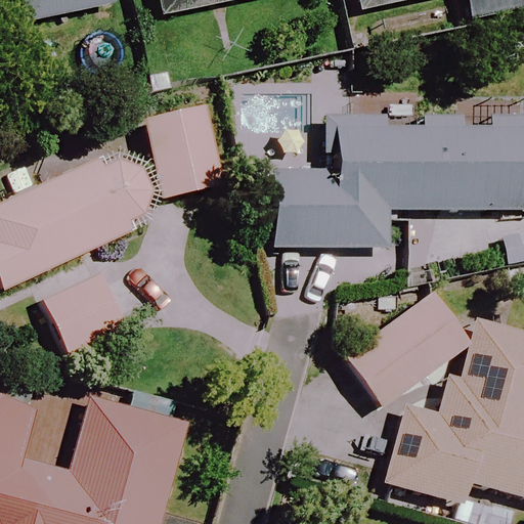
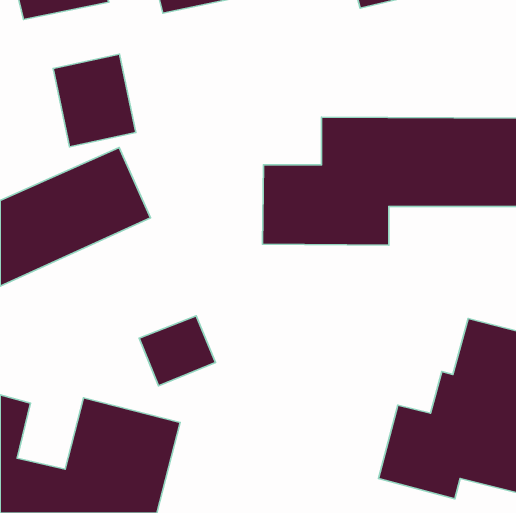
building: [145,105,228,199] -> [53,54,136,147]
building: [43,274,120,345] -> [139,316,216,386]
building: [345,295,467,405] -> none

